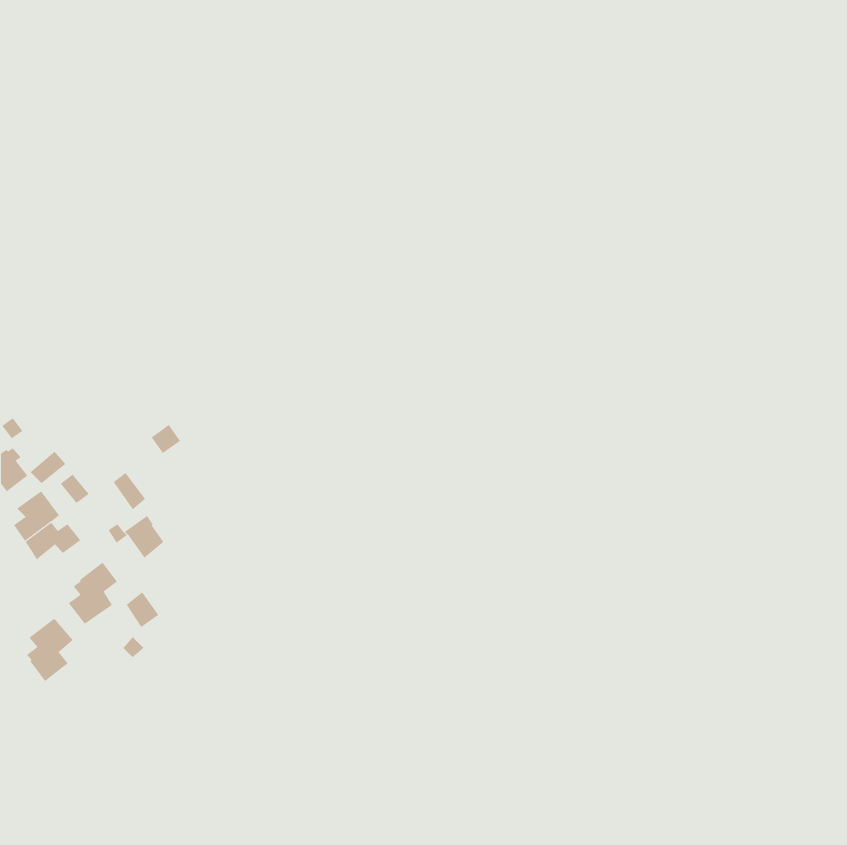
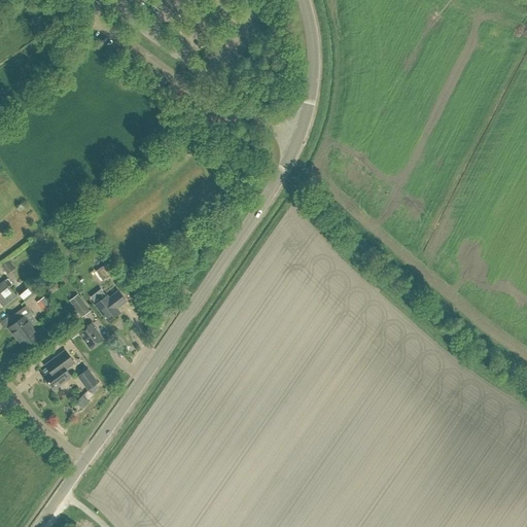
building: none -> [94,289,126,320]
building: [26,618,73,682] -> none

